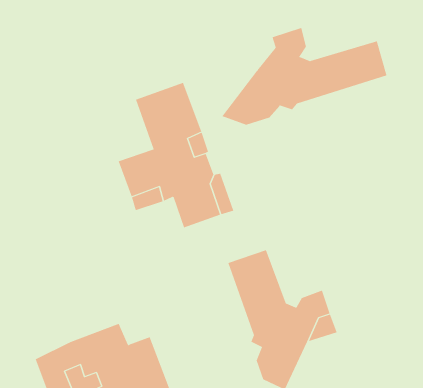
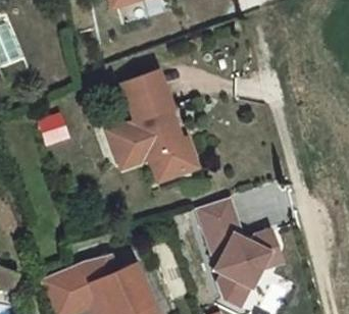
building: [221,27,387,126] -> none

